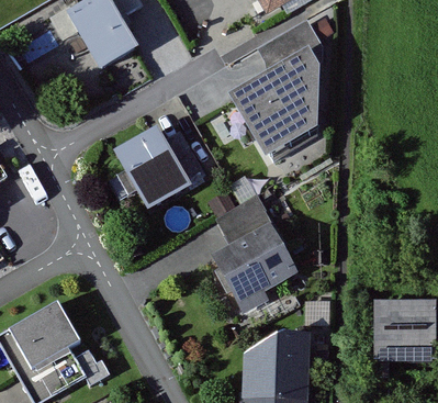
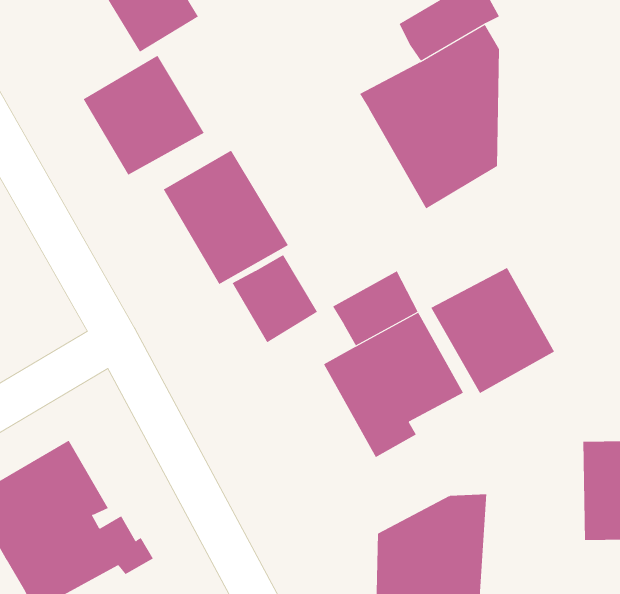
building: none -> [83,55,204,176]
building: none -> [232,254,318,343]
building: none -> [431,267,555,394]

